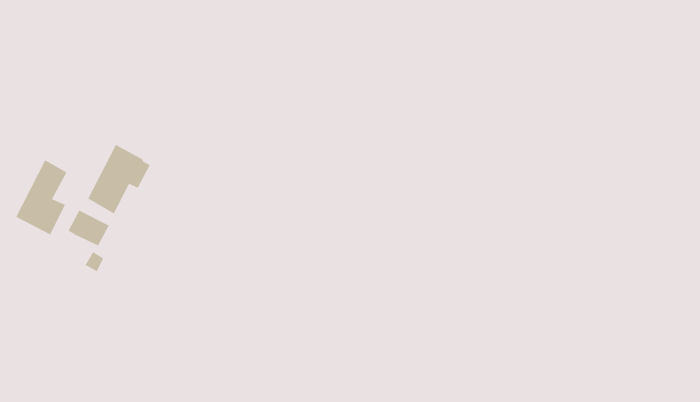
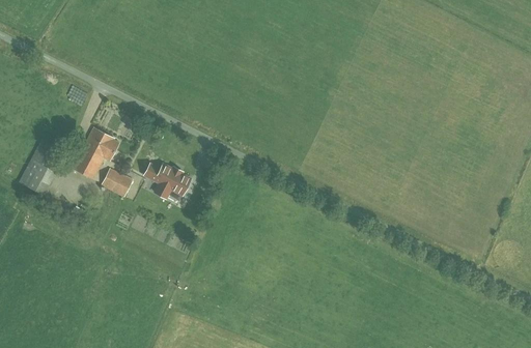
building: none -> [143,164,190,198]
building: [68,210,110,246] -> [101,169,132,196]

